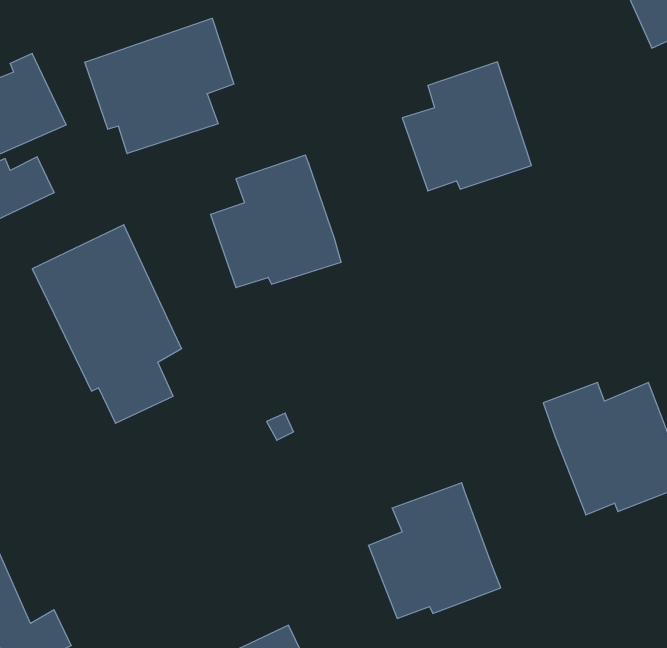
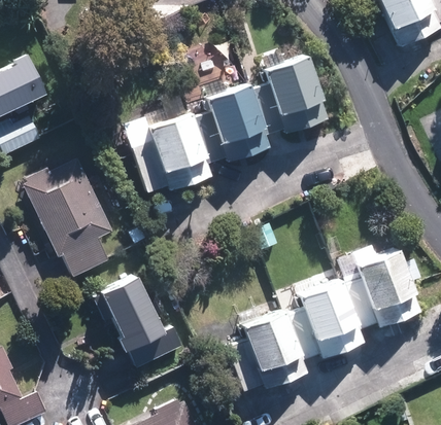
building: [85,18,234,154] -> none
building: none -> [192,86,268,163]
building: none -> [102,275,181,364]
building: none -> [286,283,364,361]

